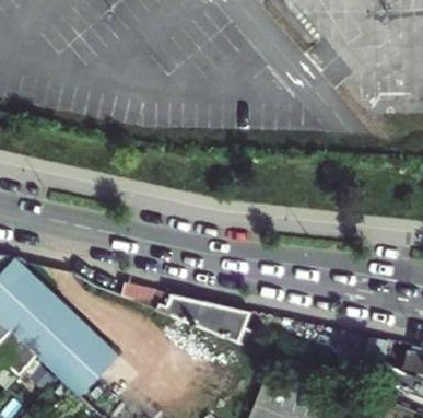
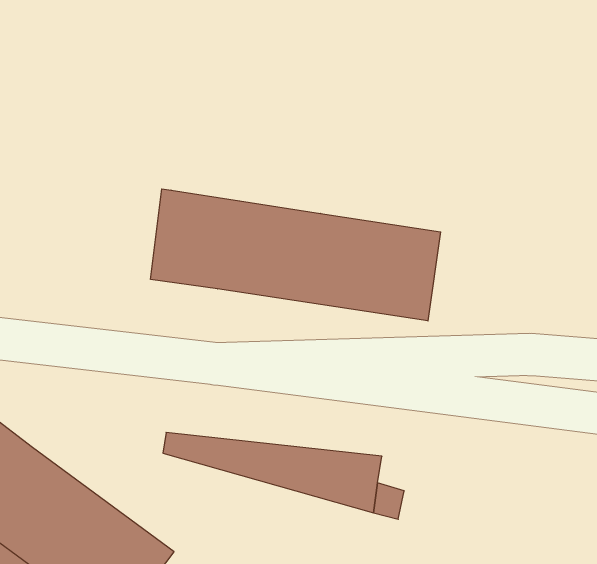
building: none -> [151,189,441,321]

